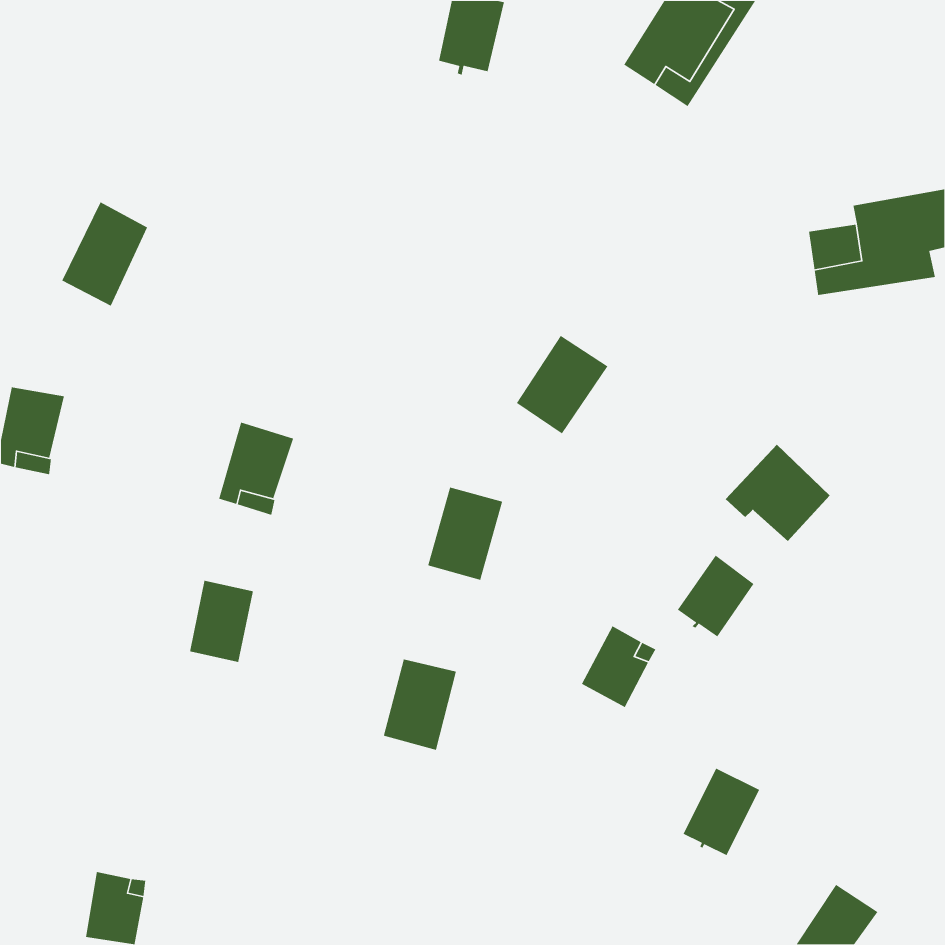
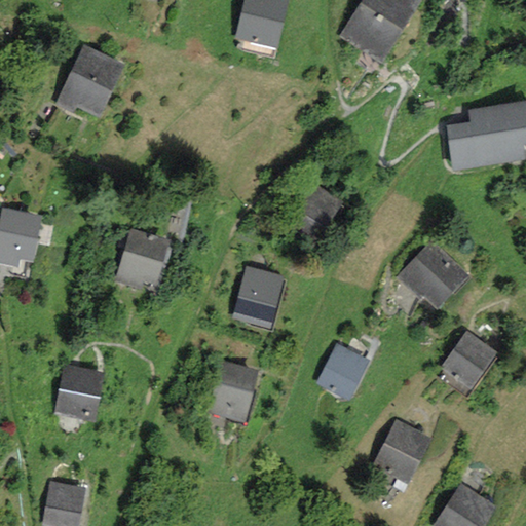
building: [61,201,148,307] -> [67,51,115,110]
building: [677,554,754,638] -> [447,337,490,383]
building: [189,580,254,663] -> [61,370,97,416]

